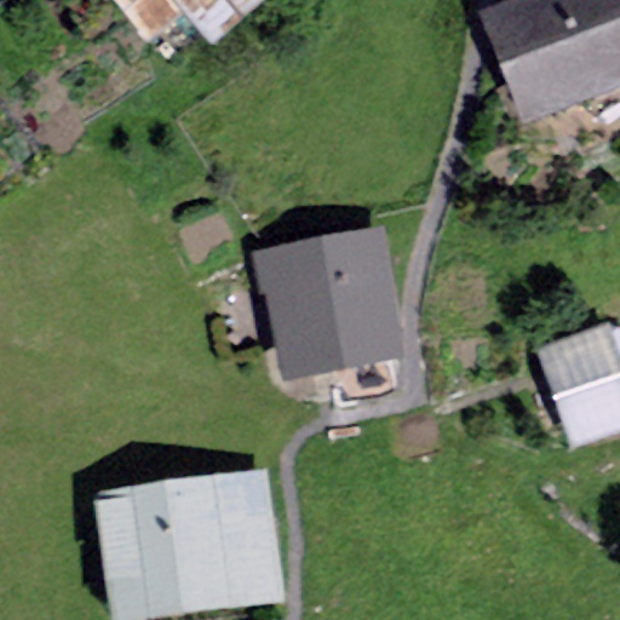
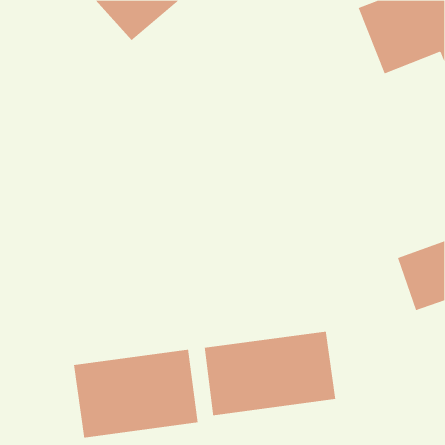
building: [253,241,394,357] -> none
building: none -> [204,331,336,416]

